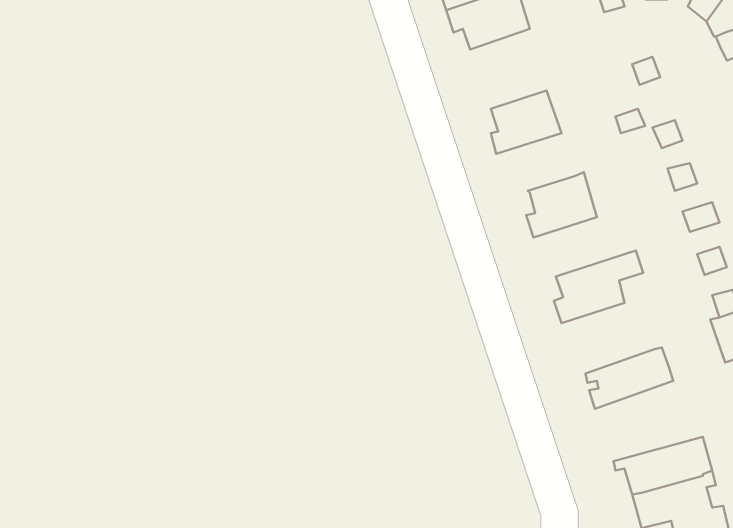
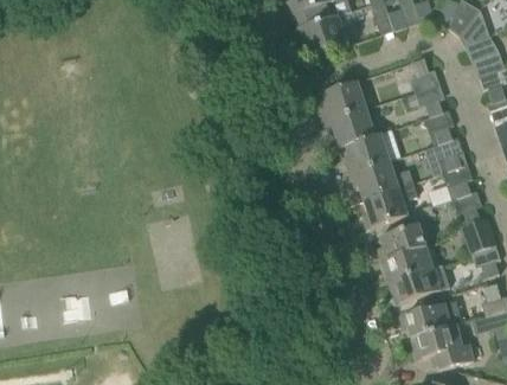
building: none -> [325,107,374,147]
building: none -> [348,160,413,198]
building: none -> [379,220,426,259]
building: none -> [387,263,449,303]

